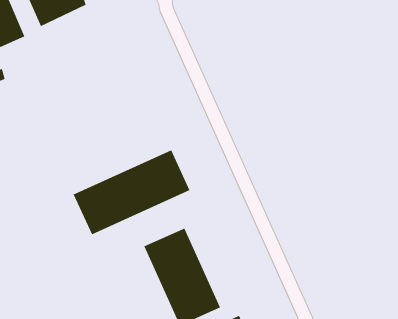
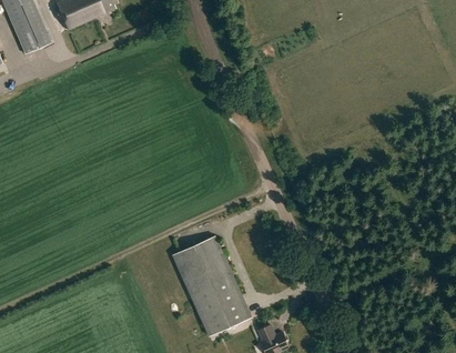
building: [73,150,190,235] -> none

